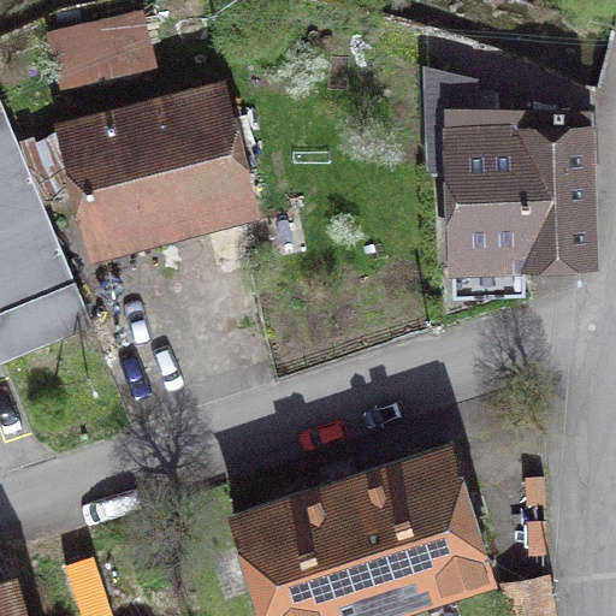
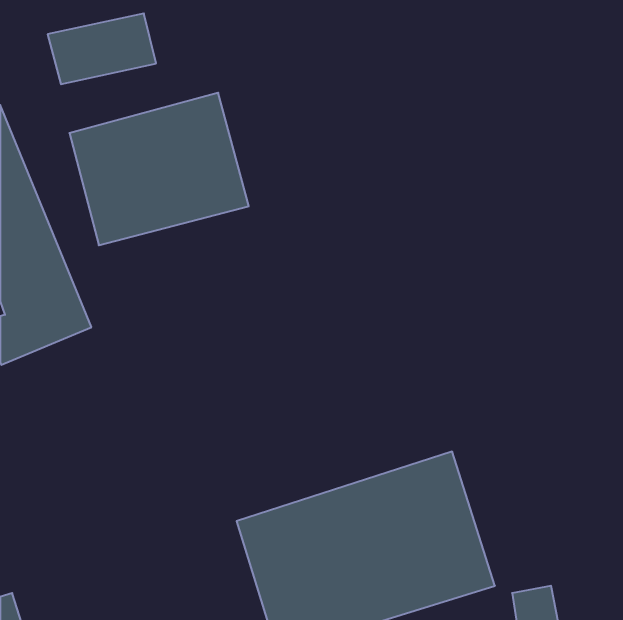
building: [427,71,593,270] -> none

